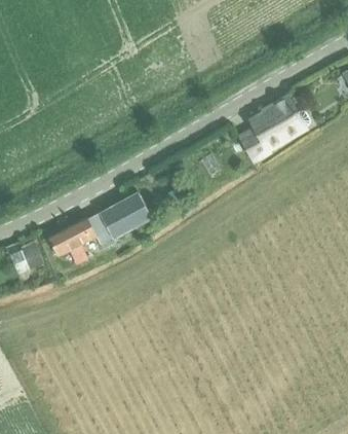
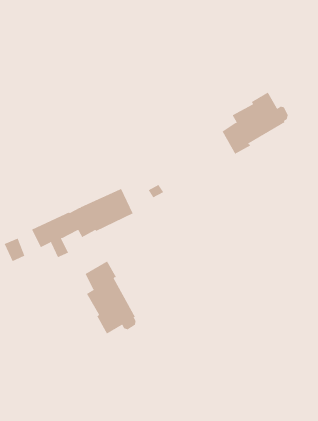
building: none -> [85,261,136,334]

